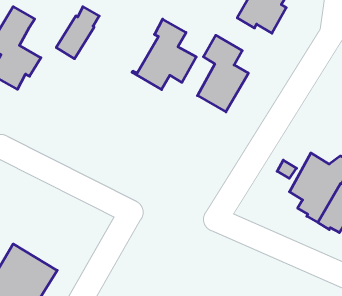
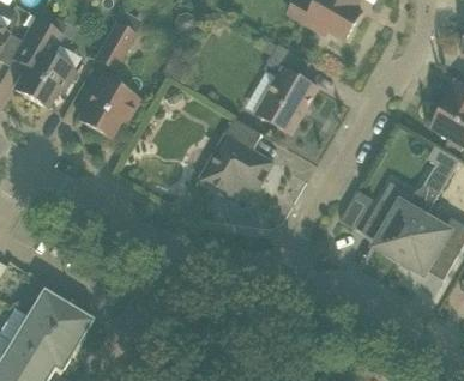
building: [132,19,196,90] -> [198,117,273,200]
building: none -> [77,77,138,138]

